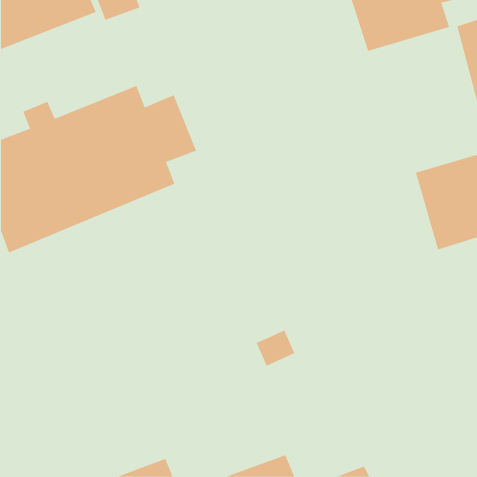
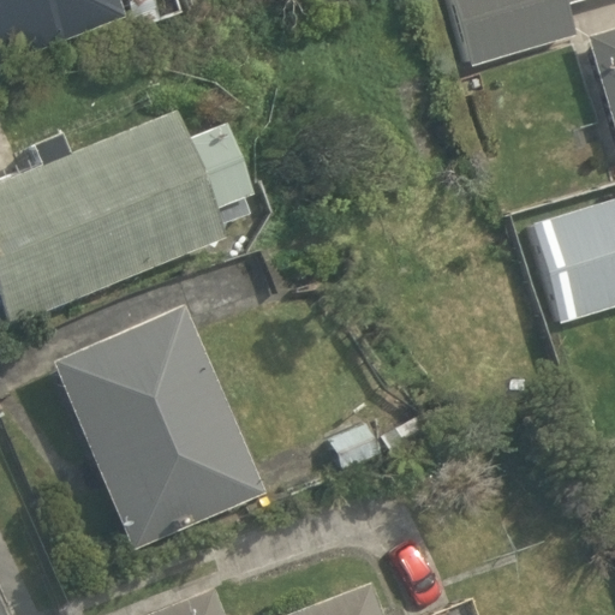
building: none -> [52,305,264,548]

